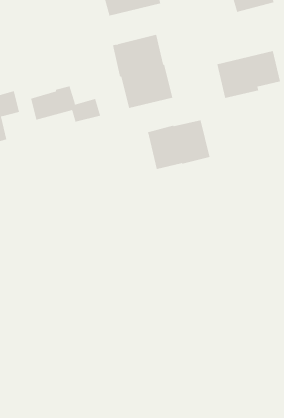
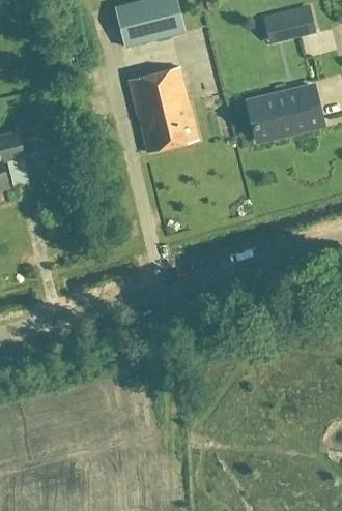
building: [30,86,101,123] -> none
building: [147,119,210,170] -> none

